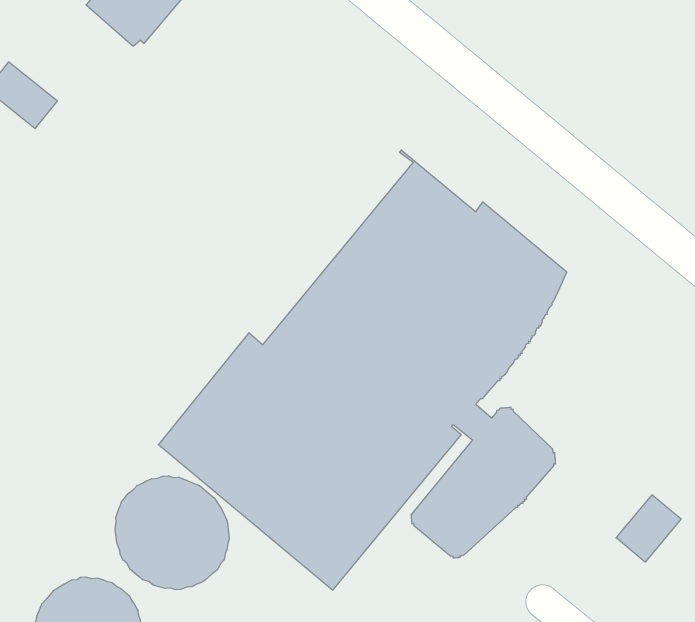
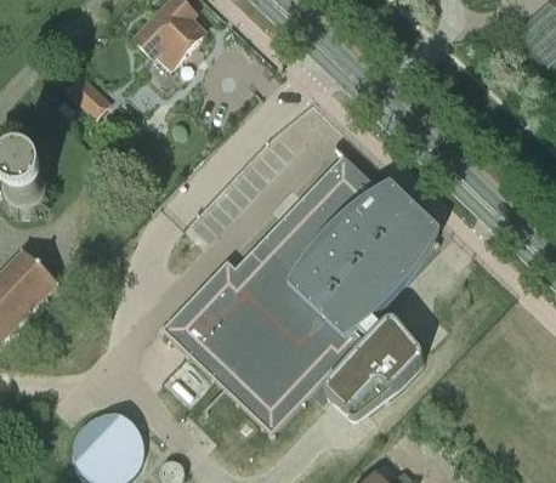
building: [115,476,229,590] -> none
building: [616,495,681,562] -> none

